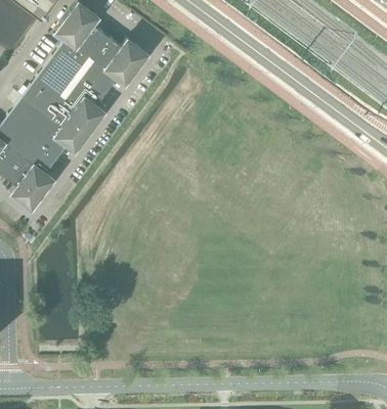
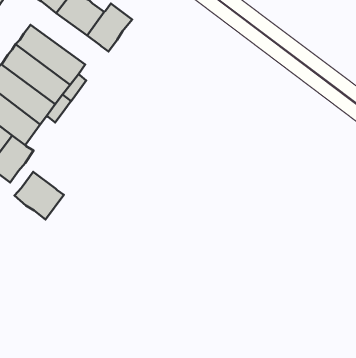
building: [50,40,117,97] -> none
building: none -> [14,172,64,219]

